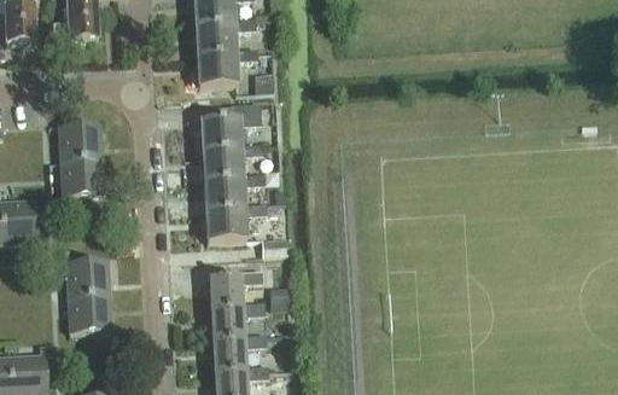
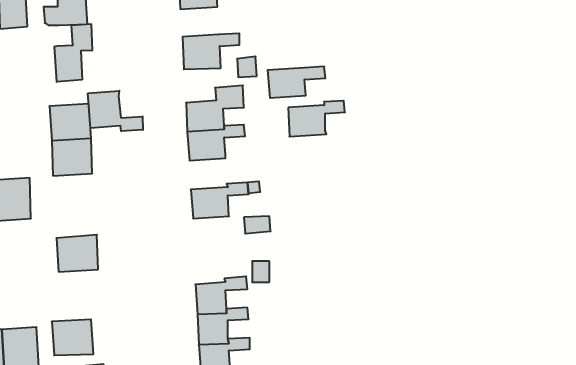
building: [194,19,255,52] -> [268,67,325,98]
building: none -> [55,24,92,82]
building: none -> [88,91,143,131]
building: [204,174,263,211] -> [288,101,345,137]
building: [209,271,262,310] -> none
building: [68,295,111,332] -> [52,319,93,355]

